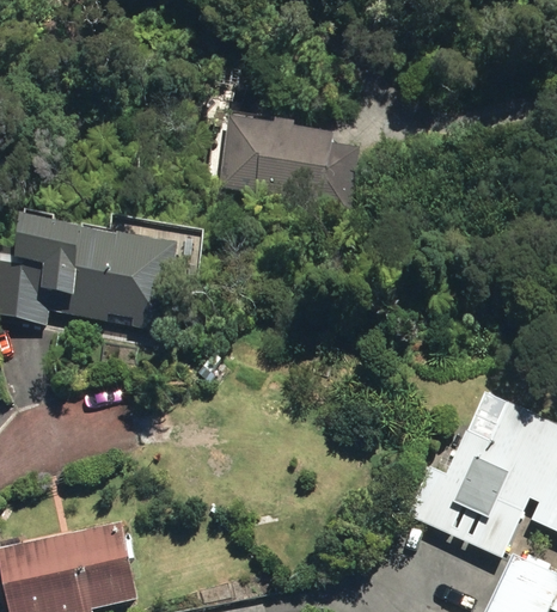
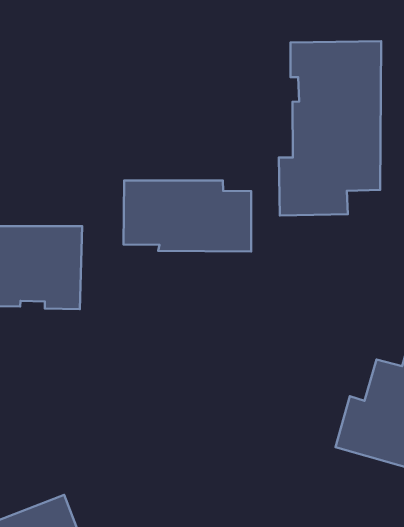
building: none -> [279,41,381,215]
building: [222,116,362,209] -> [123,180,251,251]

